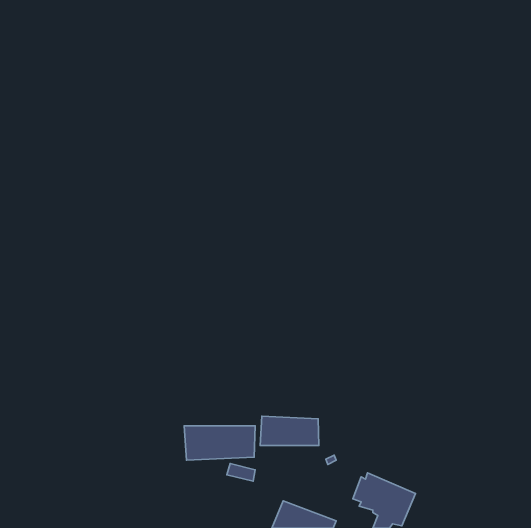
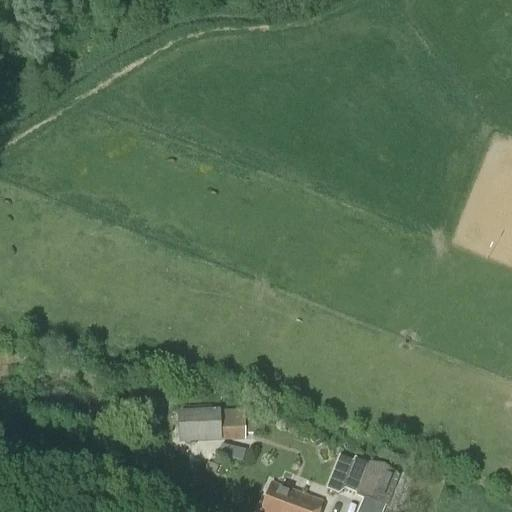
building: [260,416,319,445] -> none

